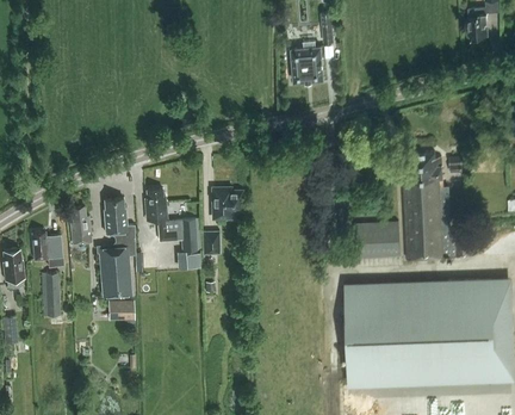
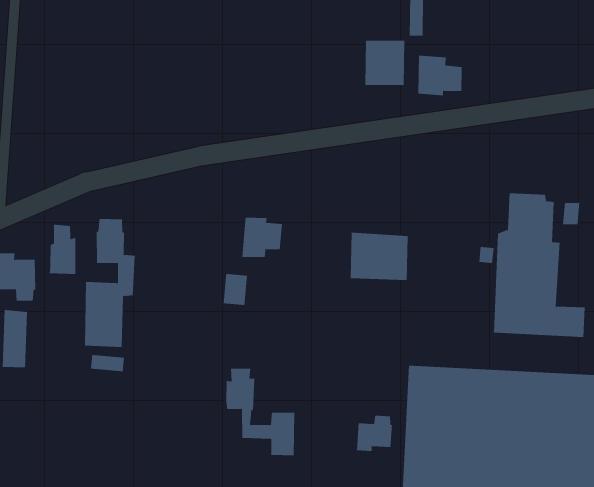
building: none -> [418,55,462,96]
building: [144,190,200,253] -> [226,368,295,456]
building: [355,223,401,259] -> [350,232,408,281]
building: none -> [357,415,392,452]

